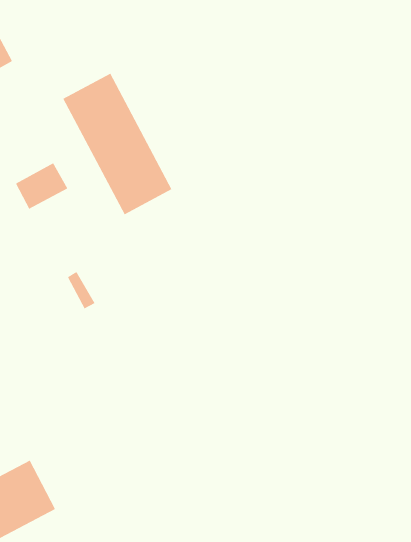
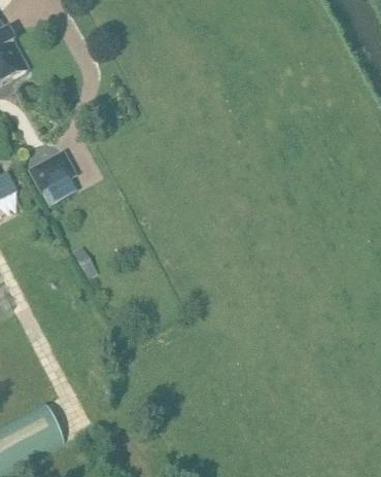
building: [62,73,172,215] -> none

